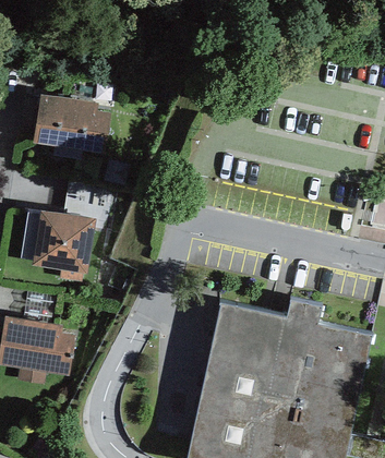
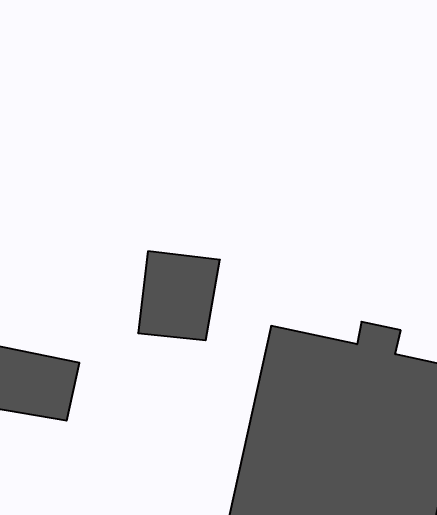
building: [26,94,106,152] -> none
building: [26,214,89,282] -> [138,251,220,340]

